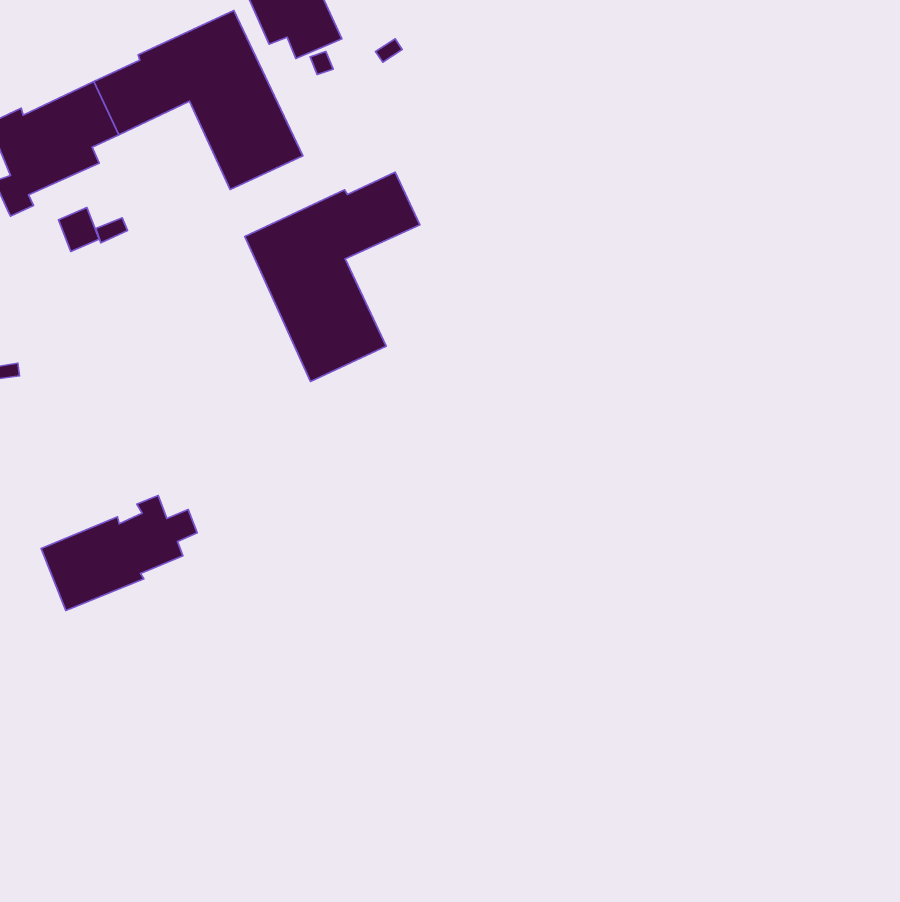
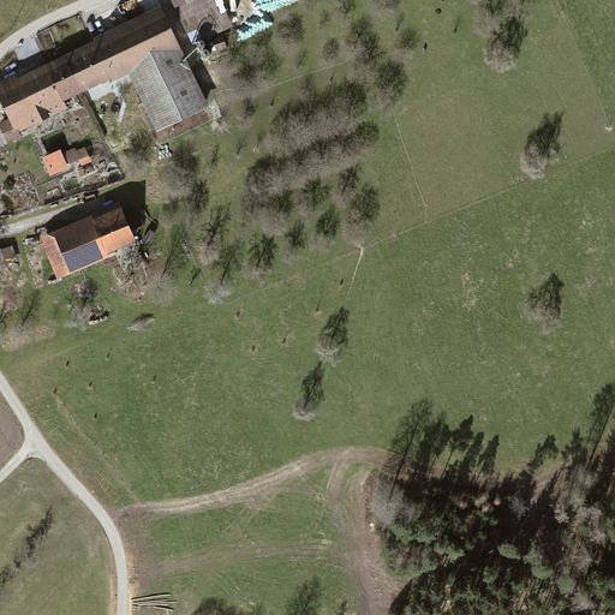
building: [245,172,420,382] -> none
building: [41,495,197,611] -> [38,201,144,279]

